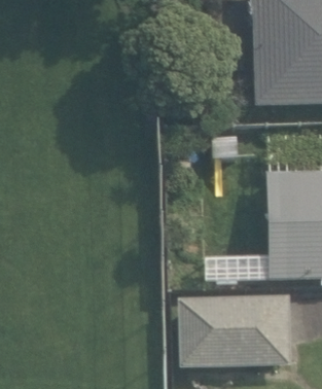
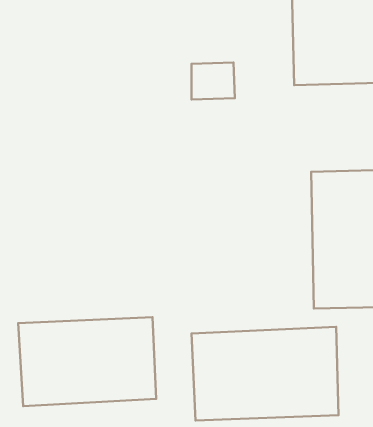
building: none -> [18,317,156,406]

